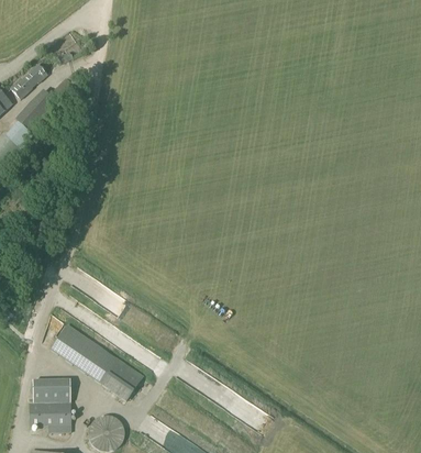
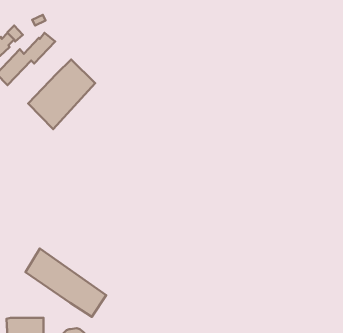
building: none -> [28,60,95,129]
building: [32,379,69,402] -> none

